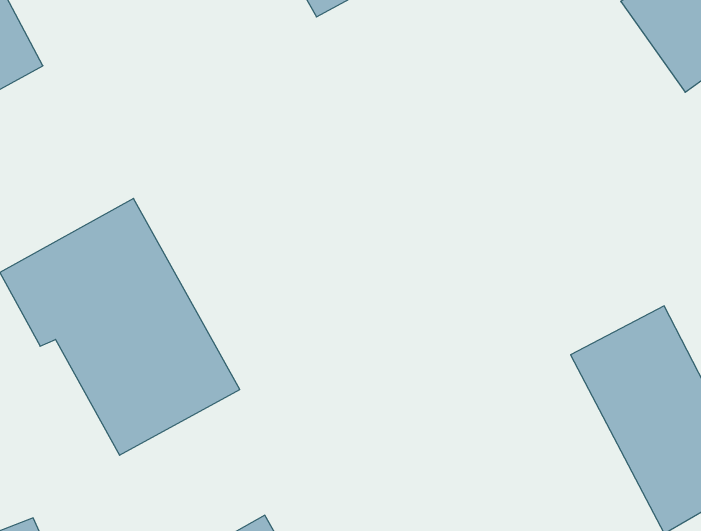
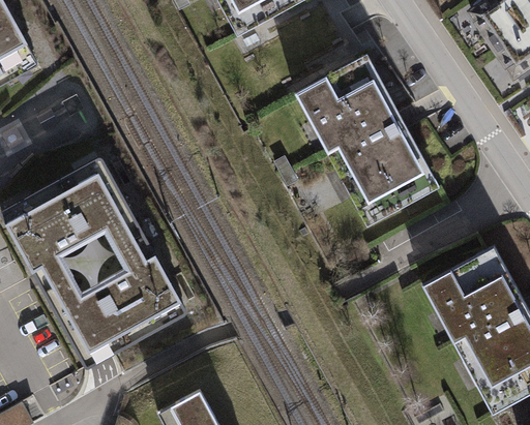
building: none -> [296,50,438,219]

